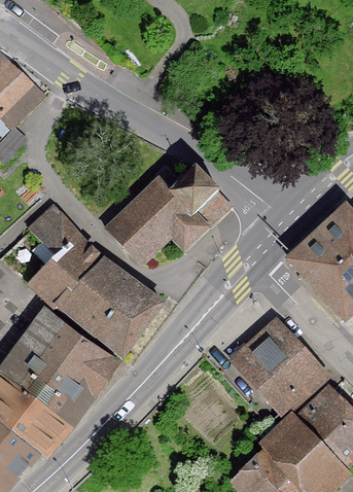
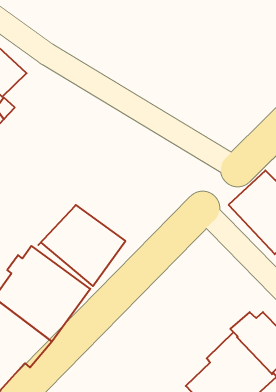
building: [107,166,219,265] -> none
building: [29,207,101,308] -> none
building: [235,322,327,415] -> none

